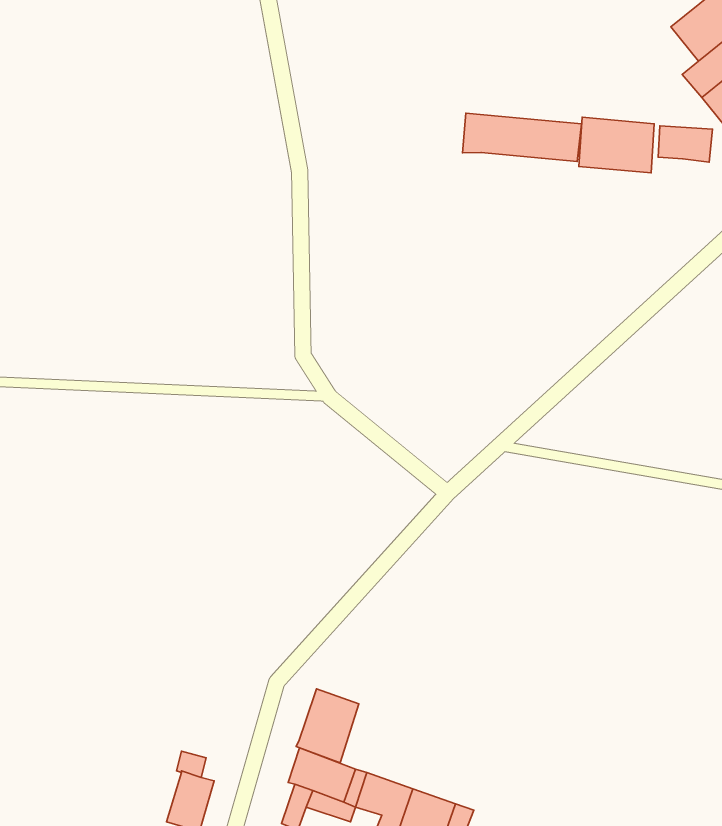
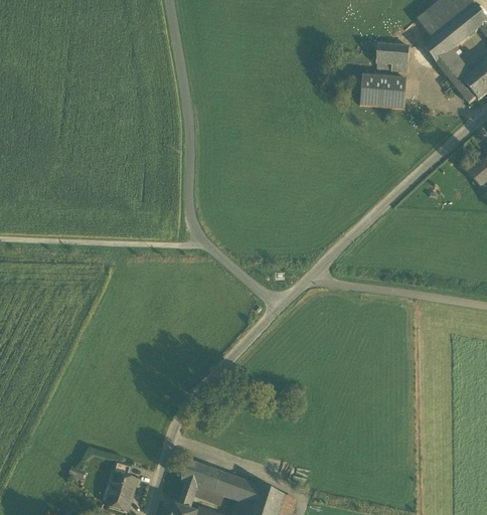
building: [462,113,582,162] -> none
building: [658,126,713,162] -> [376,43,410,65]
building: [296,689,359,763] -> none

